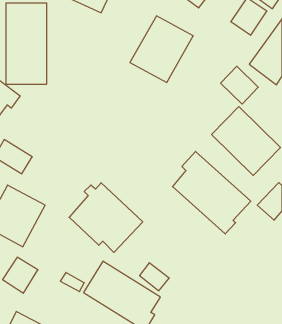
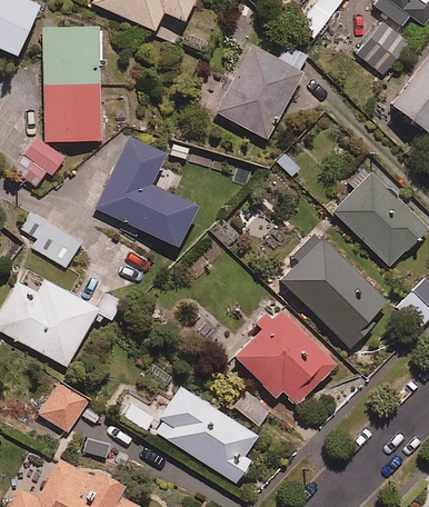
building: [221,66,258,104] -> none
building: none -> [96,136,199,247]
building: [69,183,143,252] -> [232,306,335,402]

